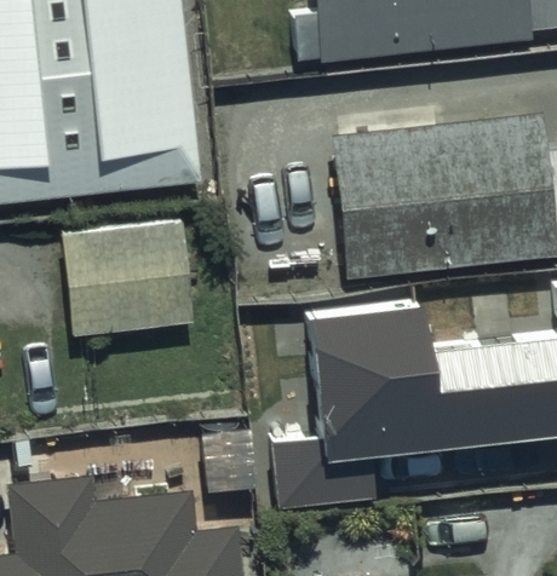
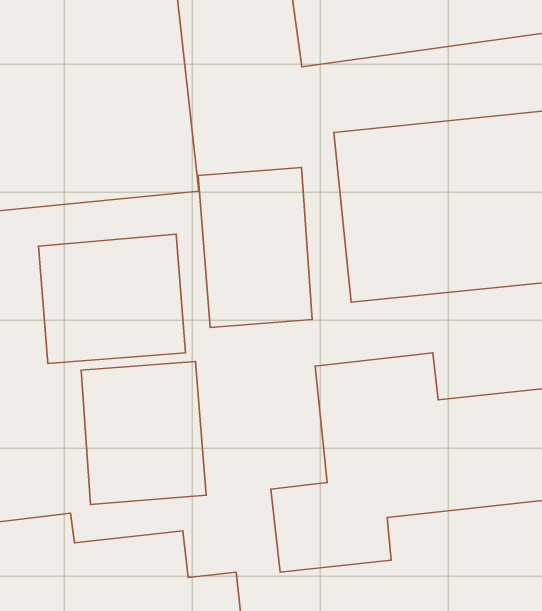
building: none -> [198,168,312,327]
building: none -> [81,361,206,504]

